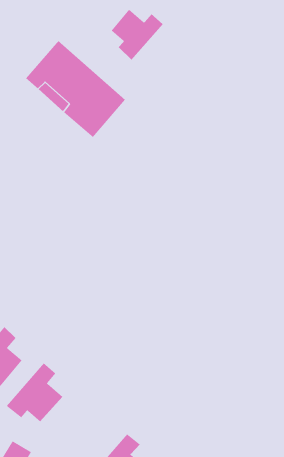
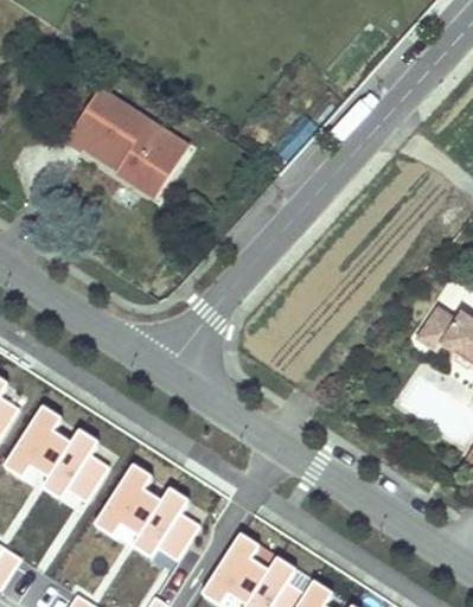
building: [111,9,164,60] -> none
building: none -> [135,488,199,560]

